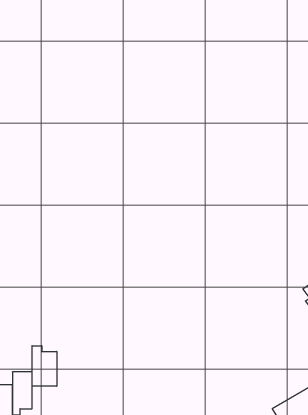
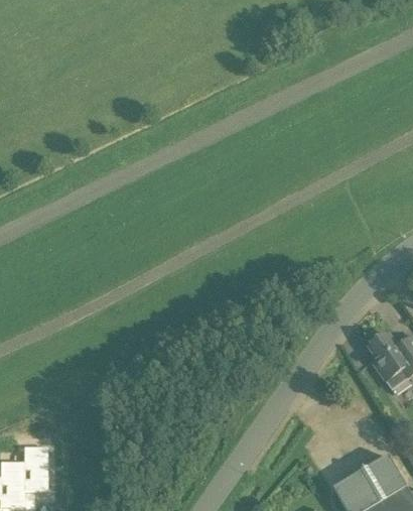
building: [32,346,57,386] -> none

